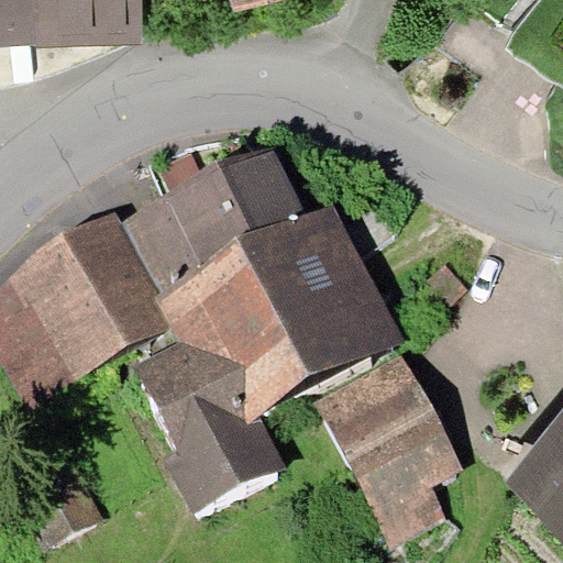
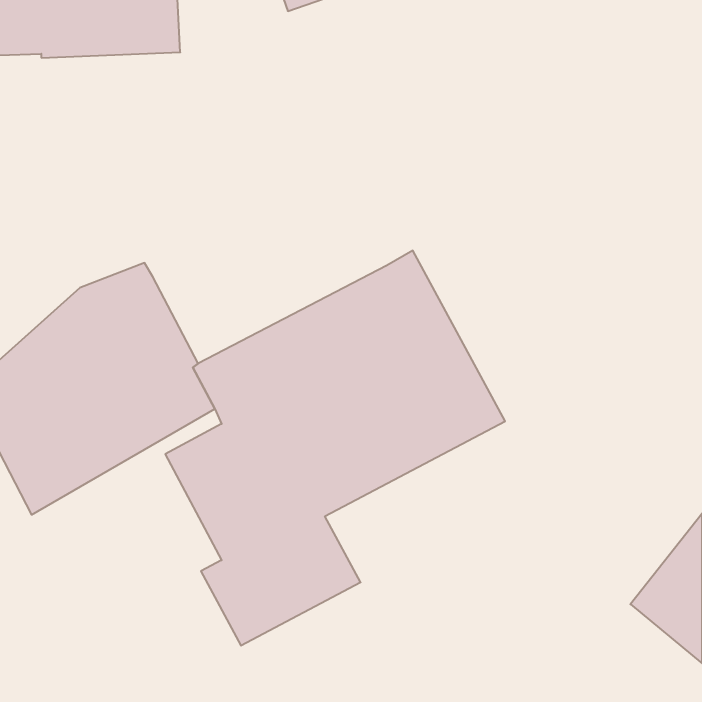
building: [122,143,309,290] -> none
building: [317,355,463,545] -> none

